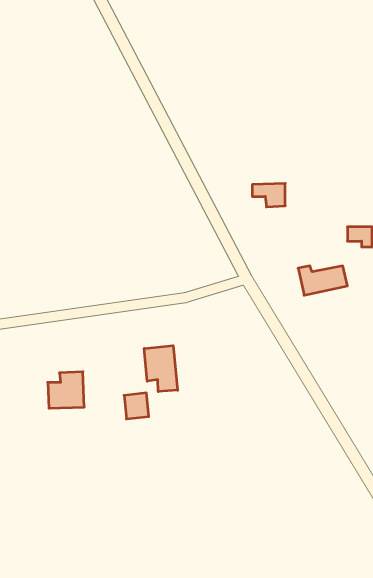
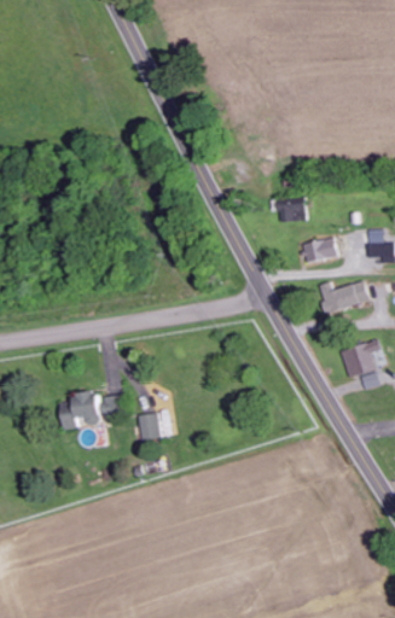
building: none -> [303,237,337,261]
building: none -> [341,338,381,390]
building: [144,346,178,392] -> none

